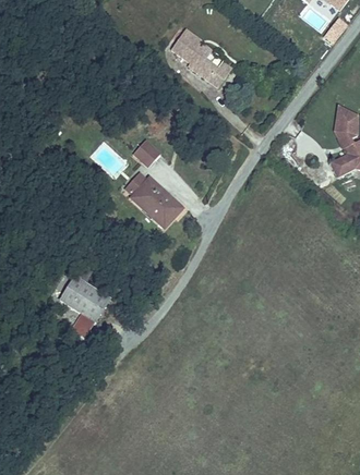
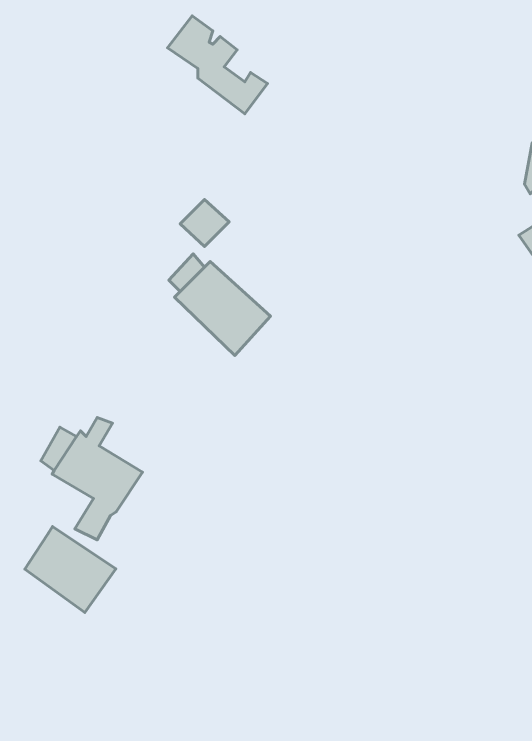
building: [179,33,237,89] -> [168,16,267,114]
building: none -> [25,527,116,612]

